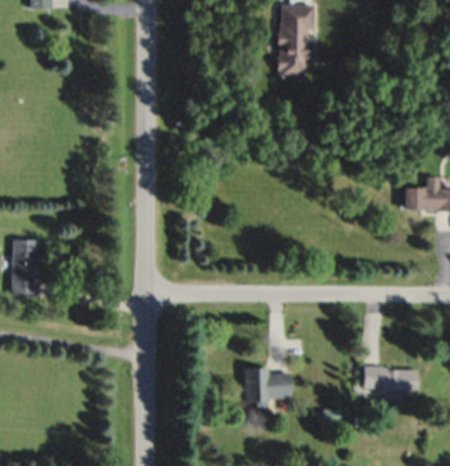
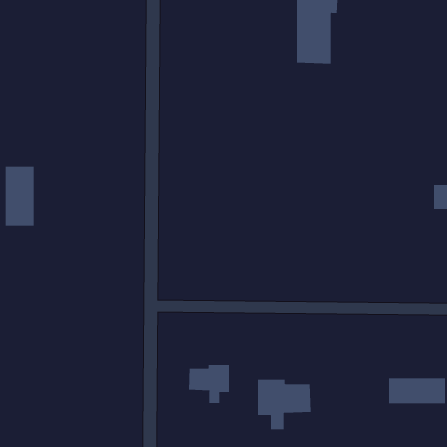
building: [11,240,38,295] -> [5,166,34,226]
building: none -> [188,364,230,404]

